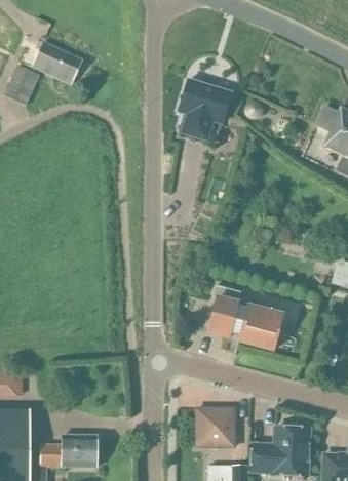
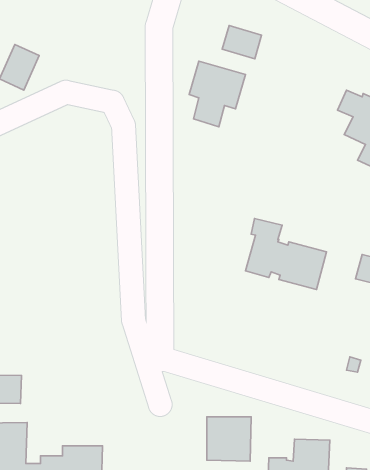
building: [32,42,82,83] -> none
building: none -> [222,26,262,59]
building: [207,284,282,350] -> [246,219,327,290]

